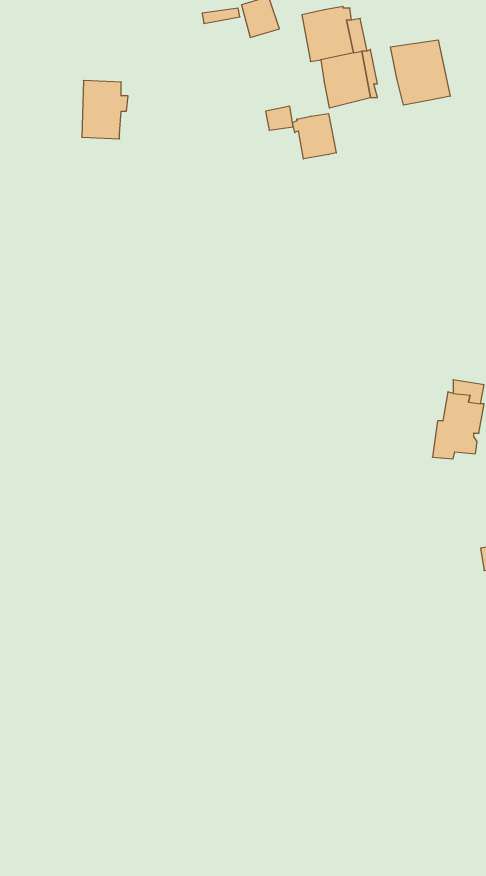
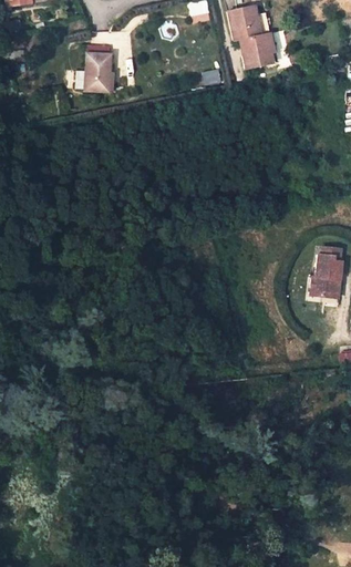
building: [391,40,450,105] -> none
building: [292,114,336,159] -> none

